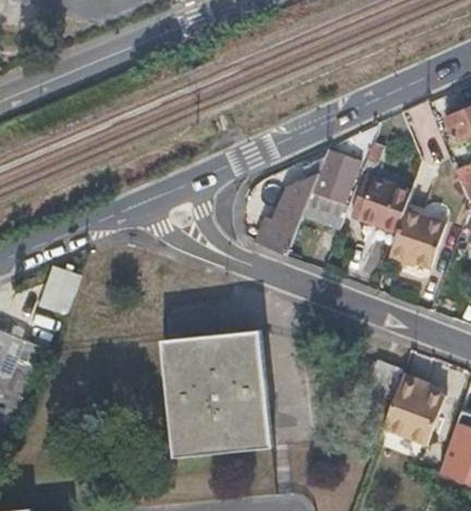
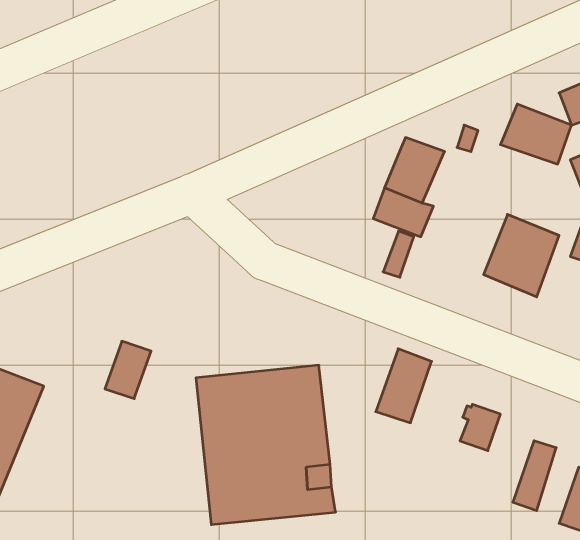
building: [257,160,323,255] -> none
building: [351,183,407,230] -> [500,104,572,164]
building: [46,267,82,312] -> [105,341,151,399]
building: [383,379,426,437] -> [376,349,432,423]

